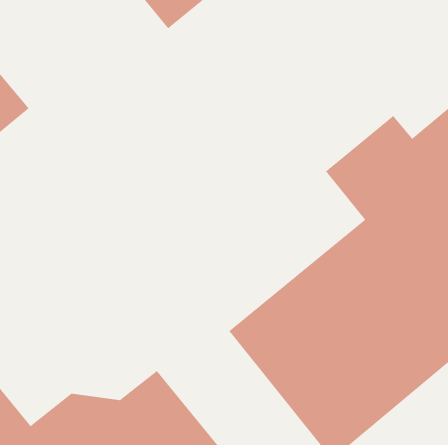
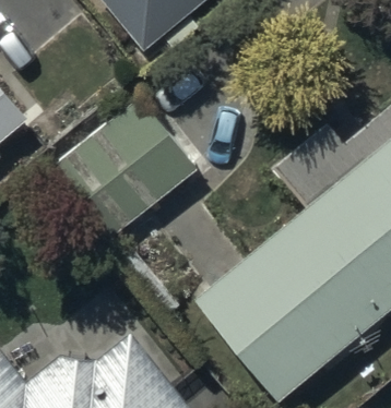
building: none -> [57,96,202,238]

